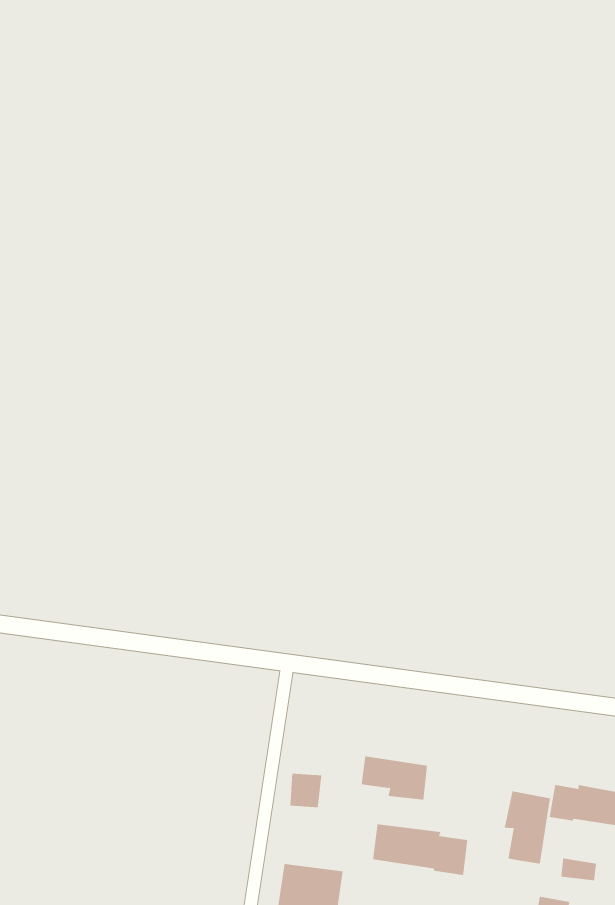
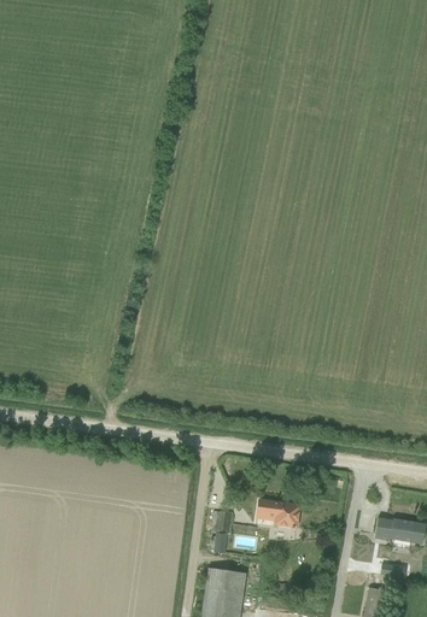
building: [504,790,550,865] -> none
building: [372,824,468,876] -> none

